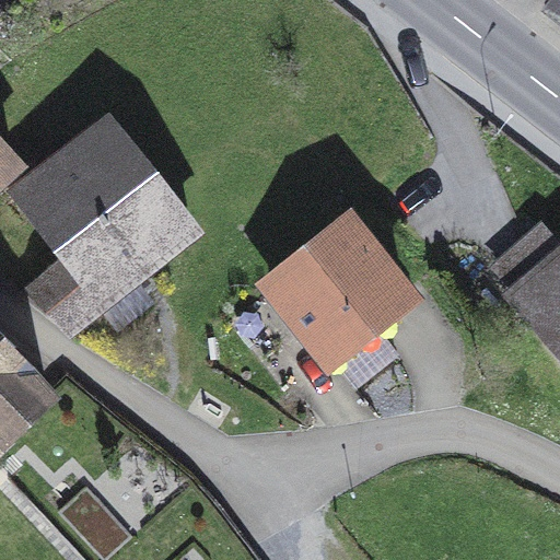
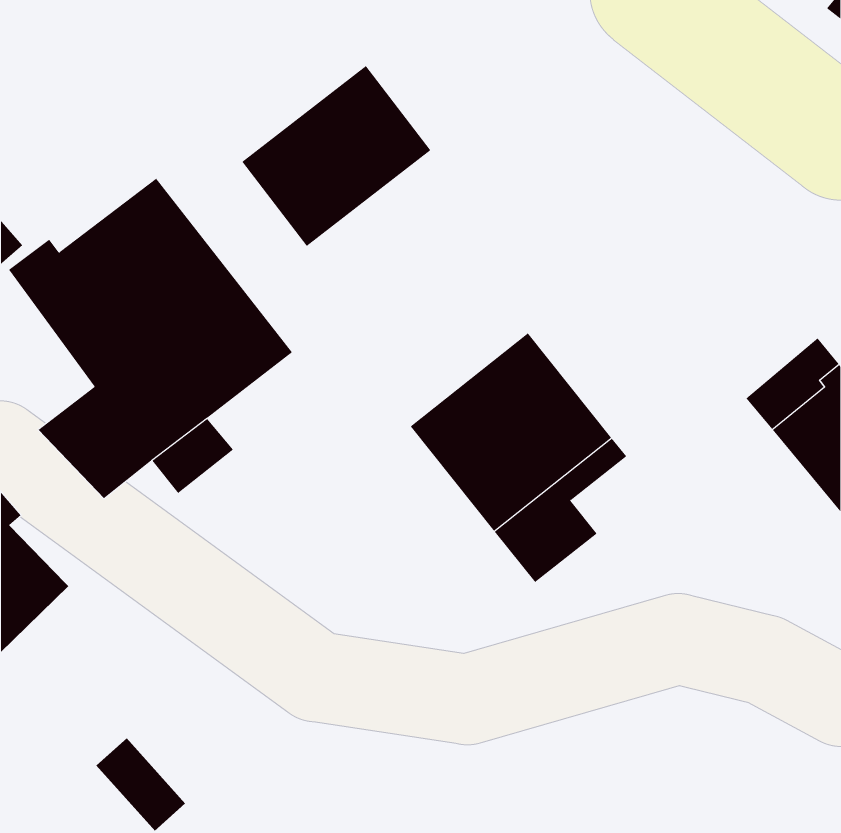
building: none -> [241,65,431,247]

